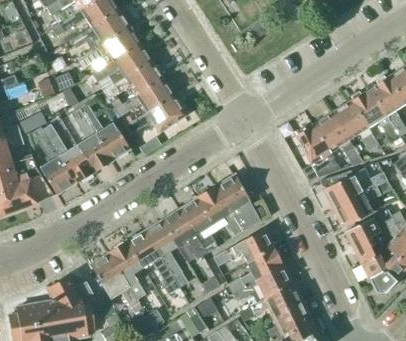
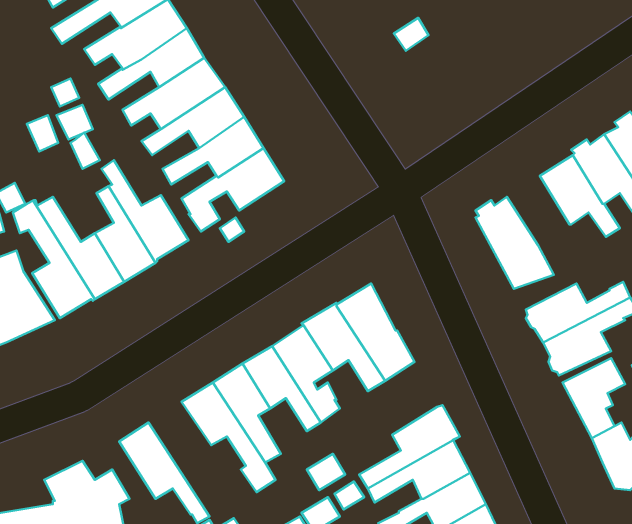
building: [313,112,363,165] -> none
building: [213,227,273,265] -> none
building: [107,241,149,308] -> none

